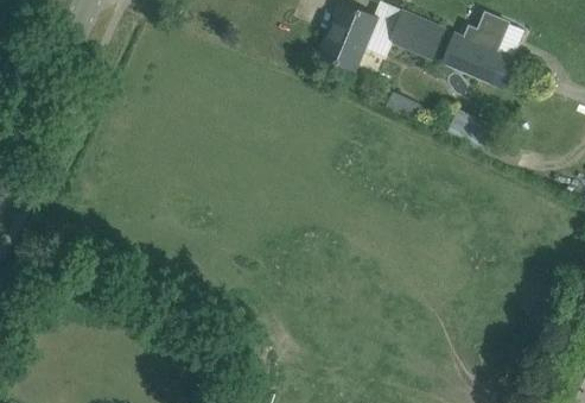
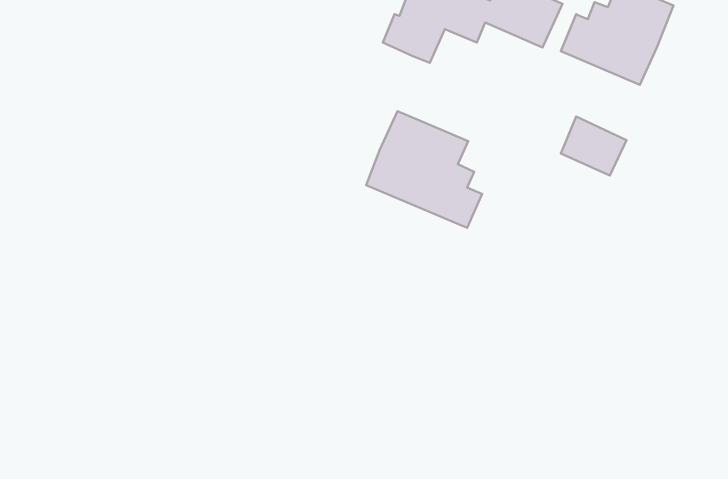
building: none -> [366,111,482,228]

